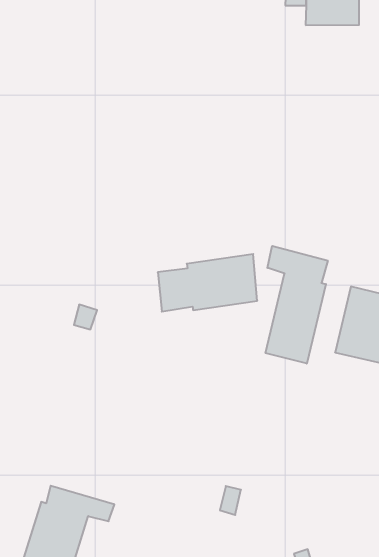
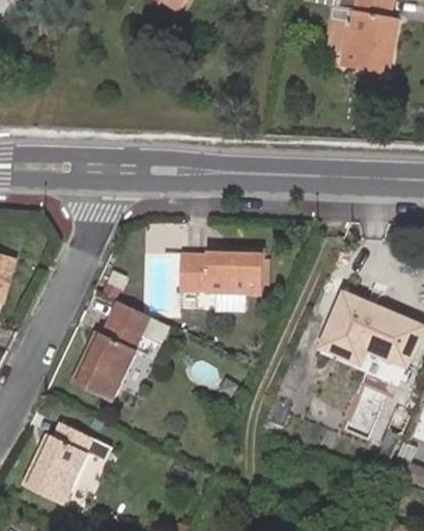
building: [266,246,328,364] -> none
building: none -> [73,303,169,400]

